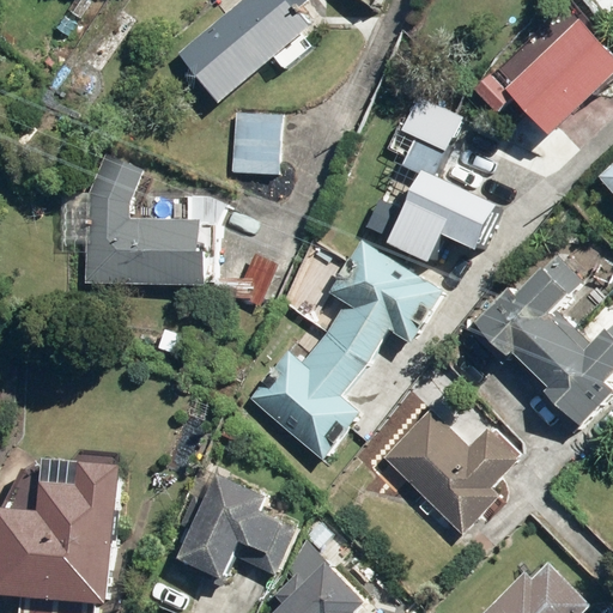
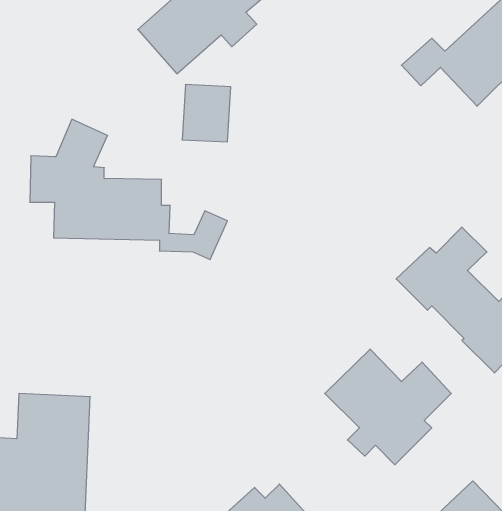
building: [393,132,503,259] -> none
building: [244,241,443,459] -> none
building: [183,472,296,577] -> none

